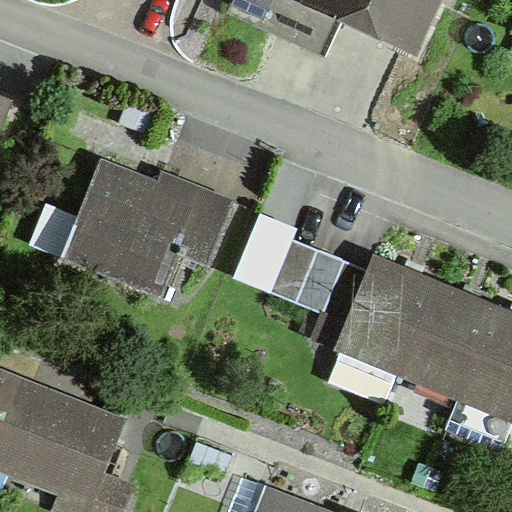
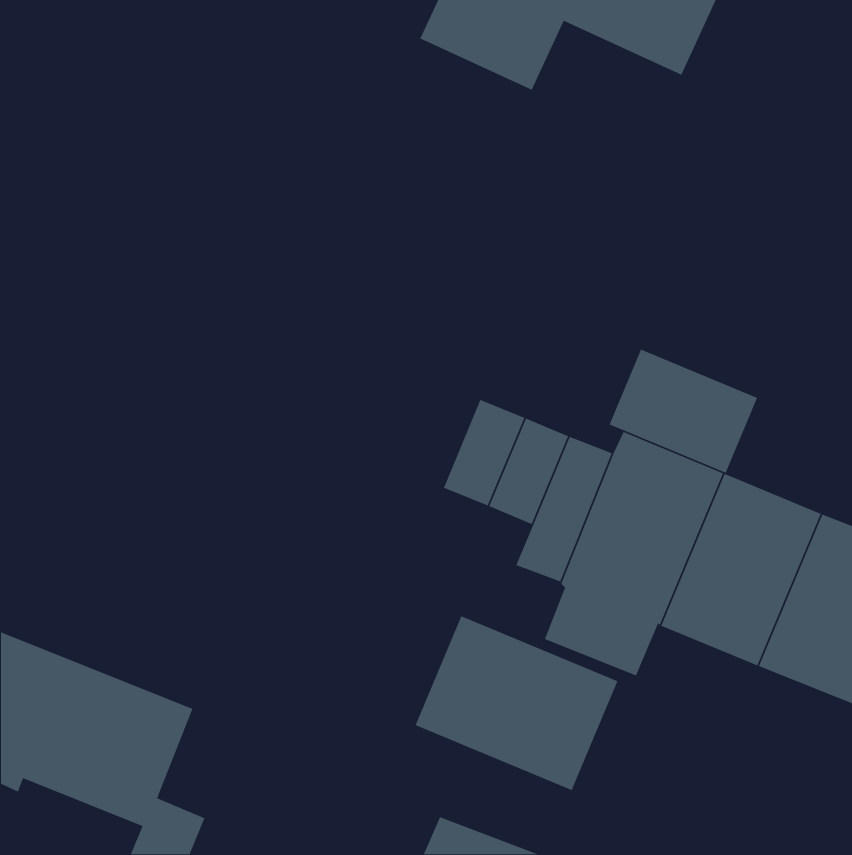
building: [61,159,228,296] -> none
building: none -> [608,348,758,474]
building: none -> [415,615,618,791]

